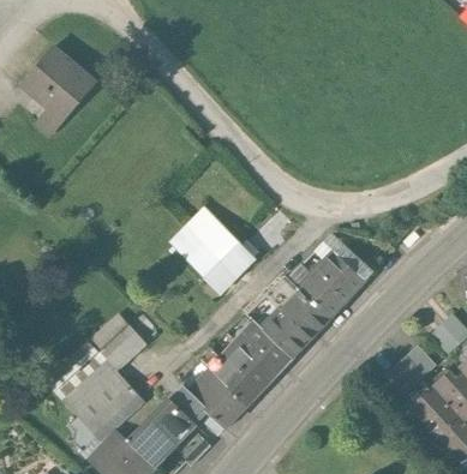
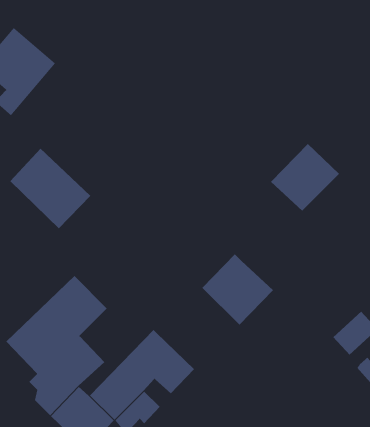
building: [170,210,256,295] -> [10,148,91,229]
building: [293,252,366,324] -> [270,143,340,212]
building: [204,322,291,407] -> none

